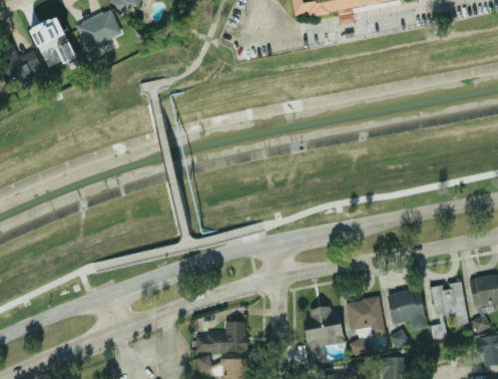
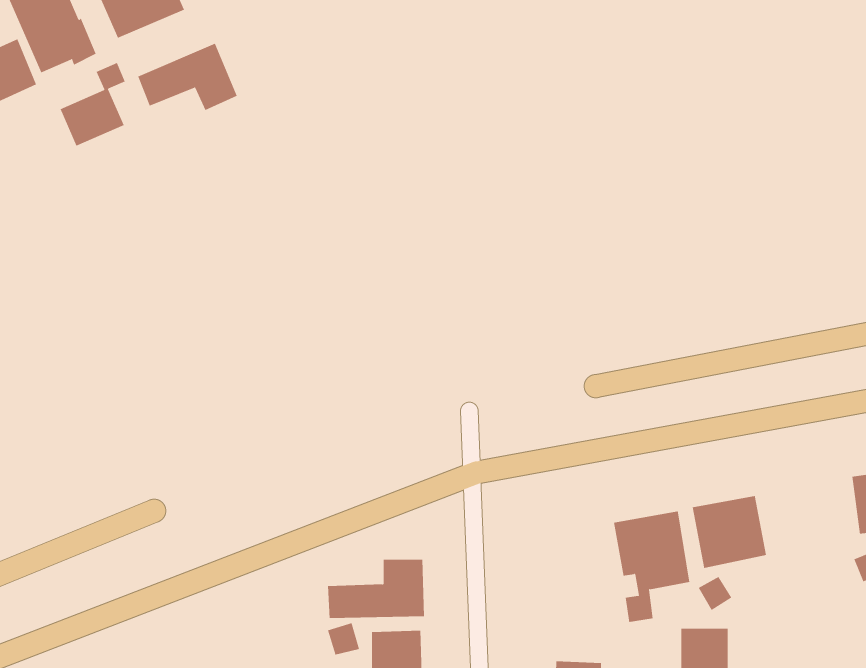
building: none -> [138,43,237,111]
building: none -> [60,62,126,147]
building: [430,281,468,339] -> none
building: [302,305,344,363] -> none

